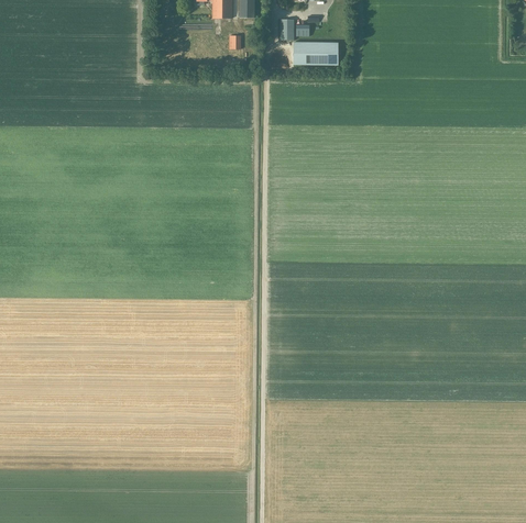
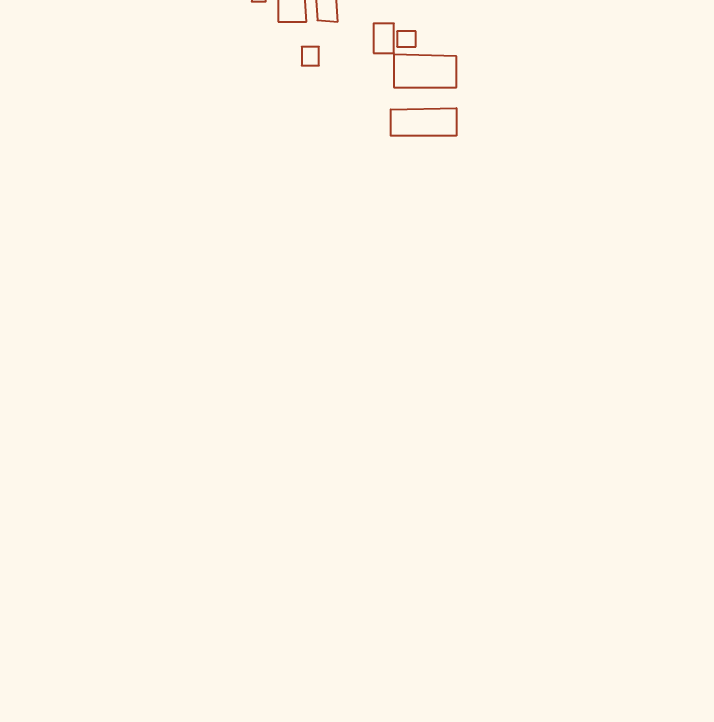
building: none -> [391,108,456,136]

